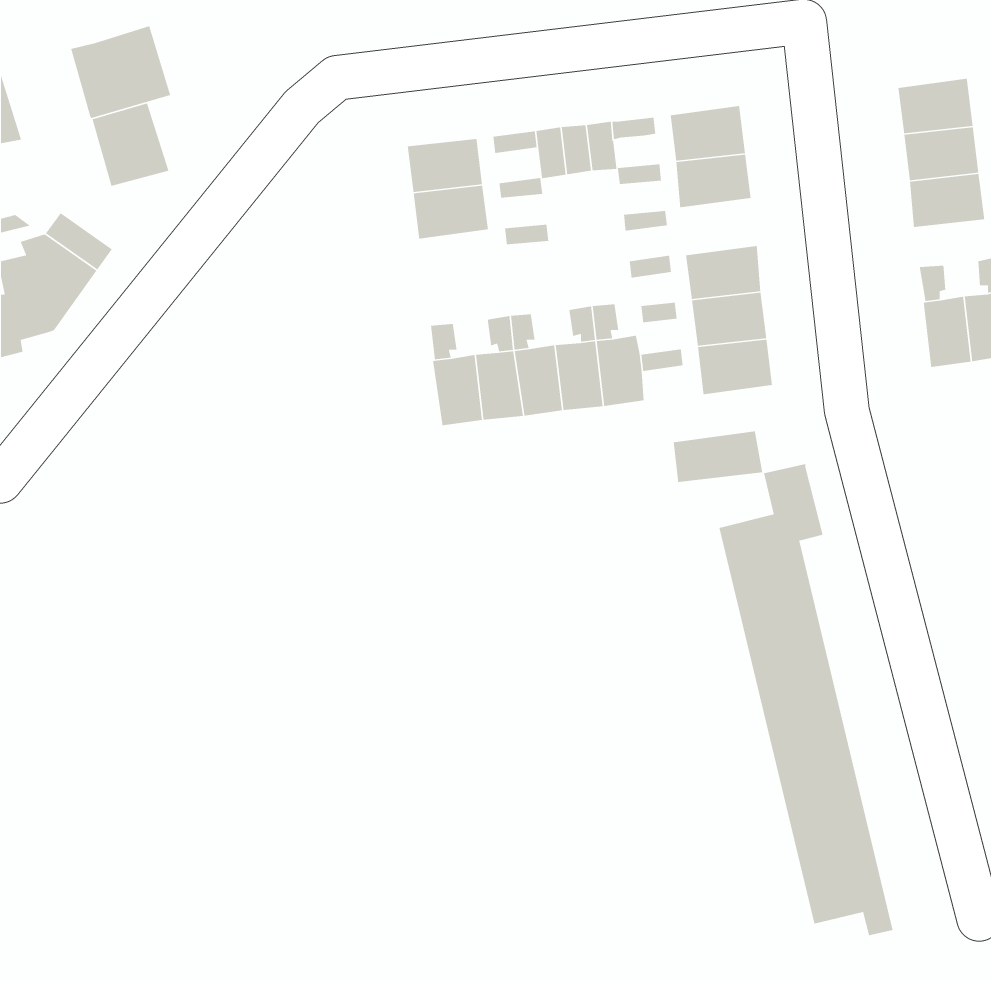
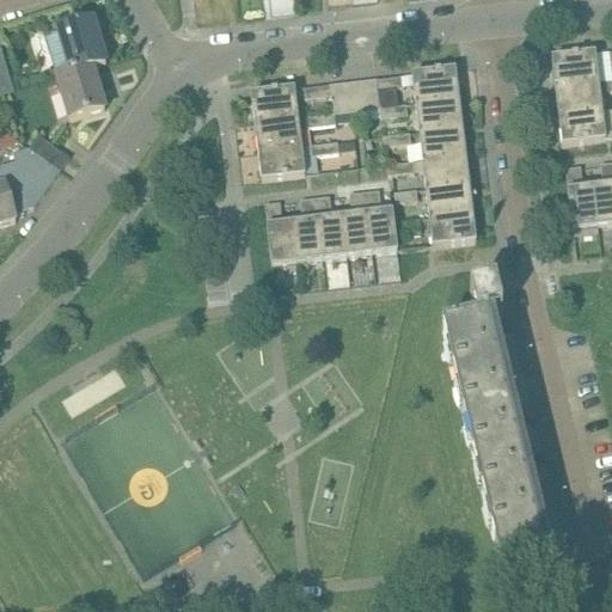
building: none -> [420,122,467,157]
building: none -> [259,141,306,176]
building: [673,430,763,483] -> none

